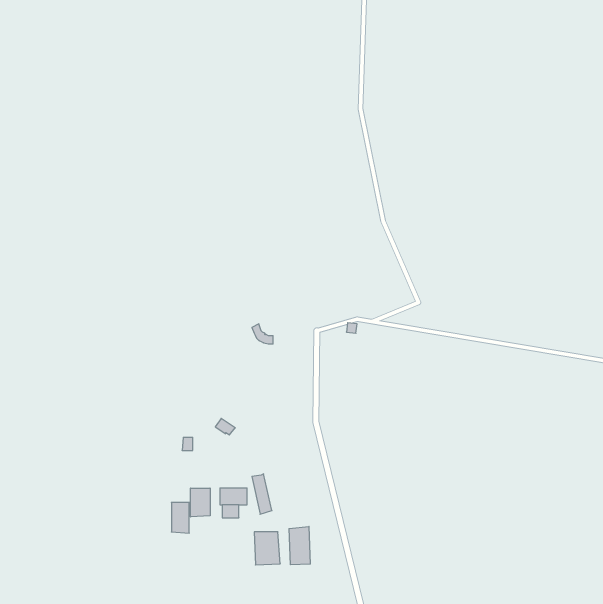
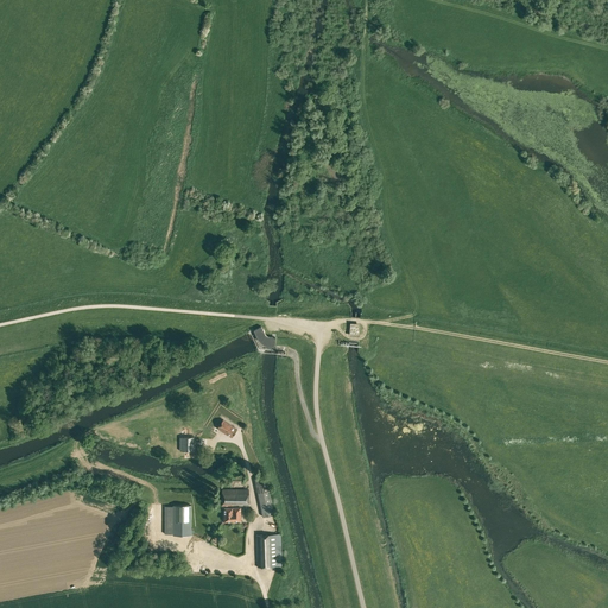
building: [191,488,210,517] -> none
building: [289,526,310,565] -> none

